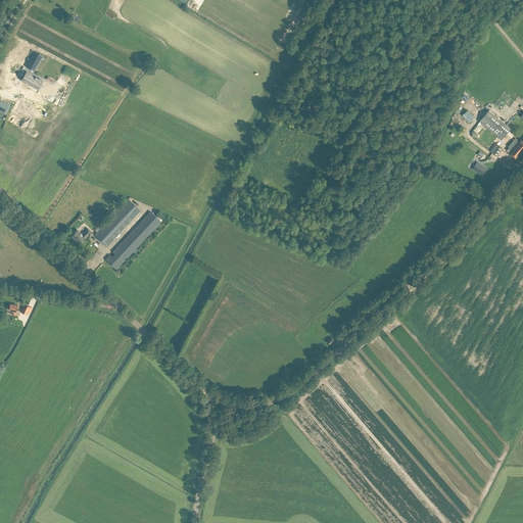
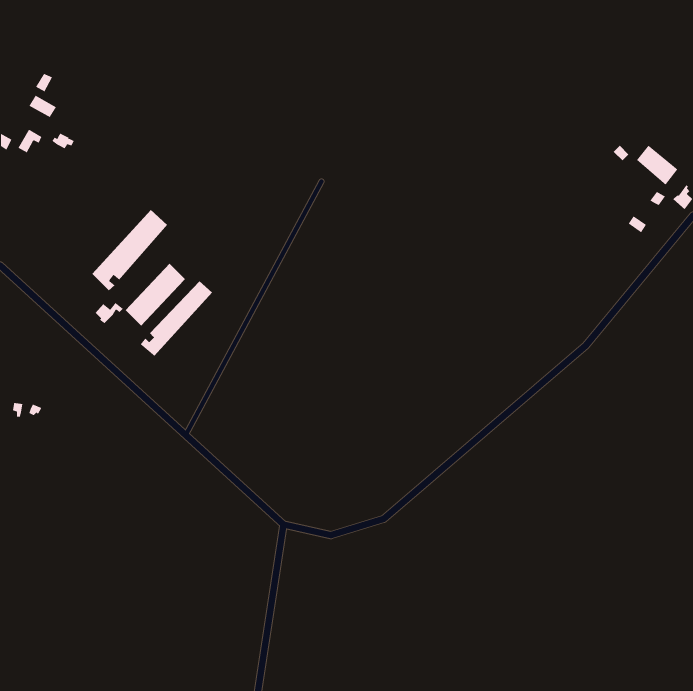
building: none -> [92,209,168,291]

